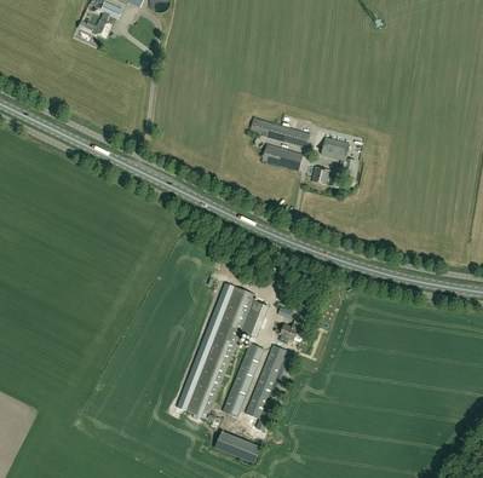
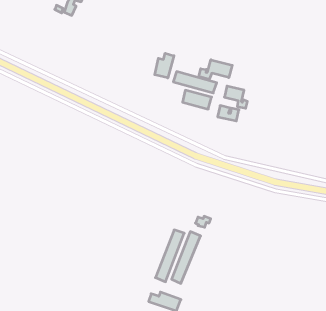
building: none -> [155,53,174,78]
building: none -> [199,60,232,80]
building: [184,286,266,419] -> none

